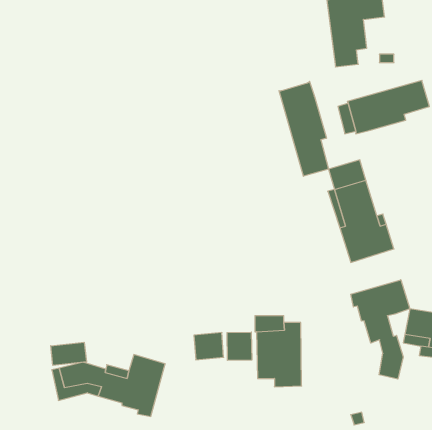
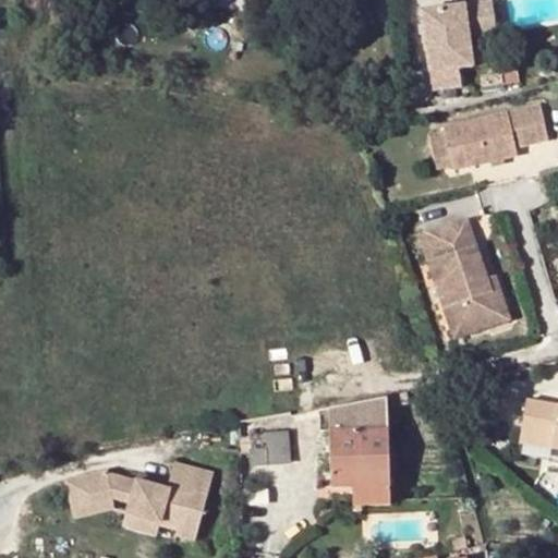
building: [279,81,329,176] -> none
building: [351,280,410,379] -> none
building: [227,332,252,360] -> none
building: [51,342,86,365] -> none

